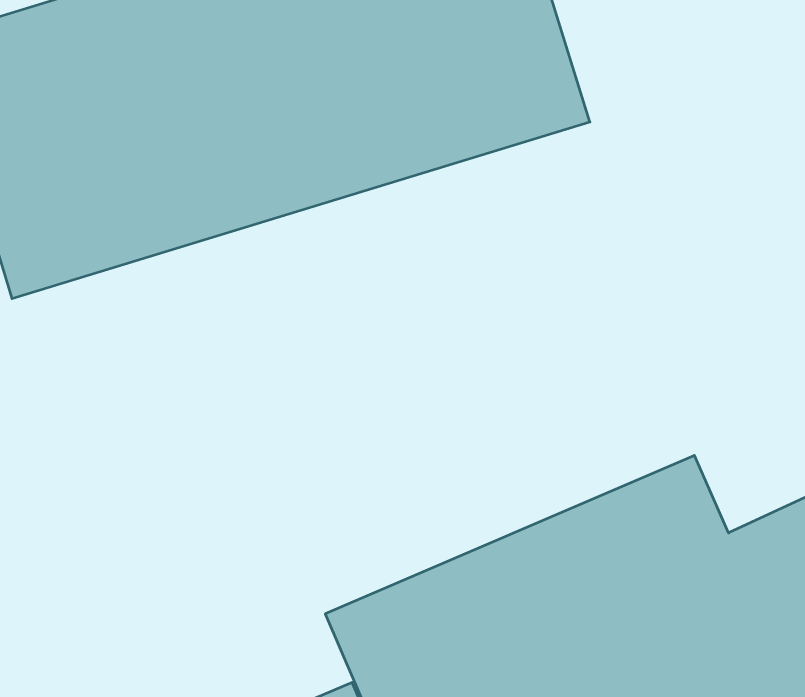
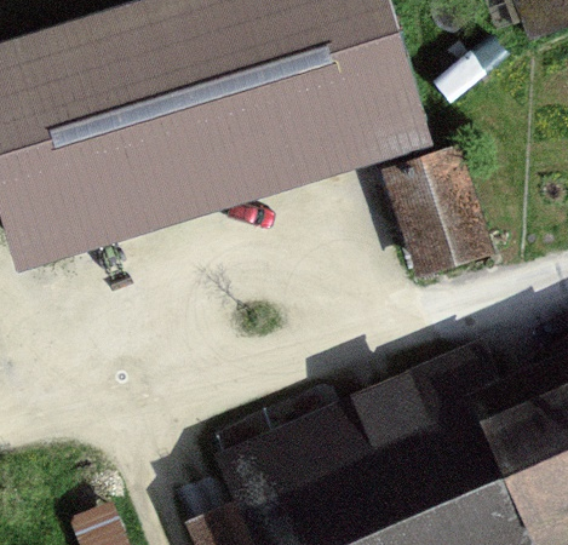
building: none -> [392,164,482,271]

